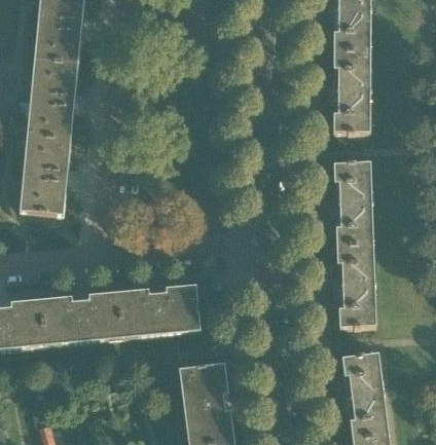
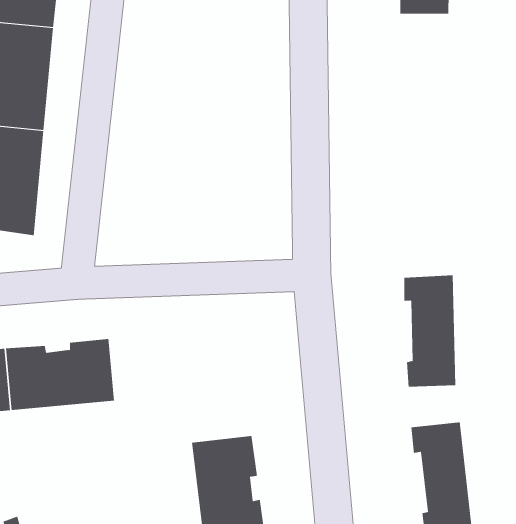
building: [333,50,370,133] -> none
building: [333,162,373,246] -> none
building: [118,284,199,337] -> none

